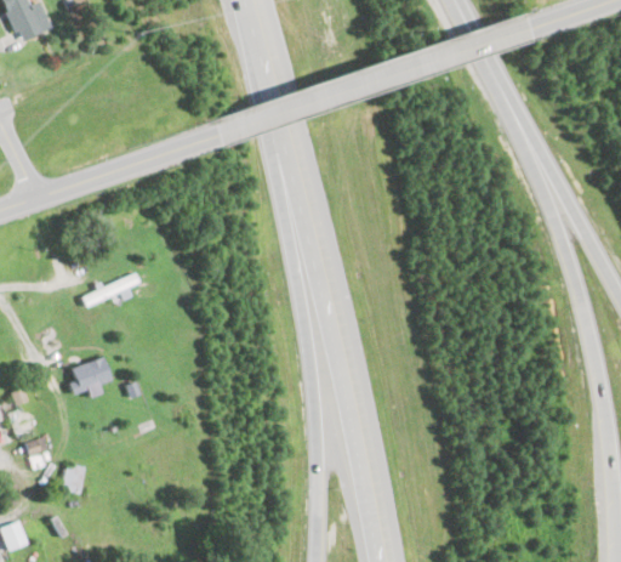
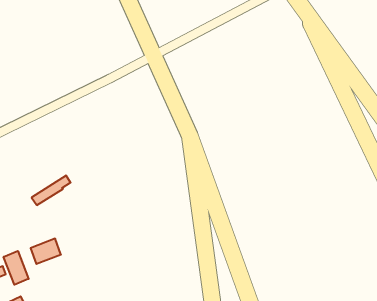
building: none -> [4,251,29,285]

